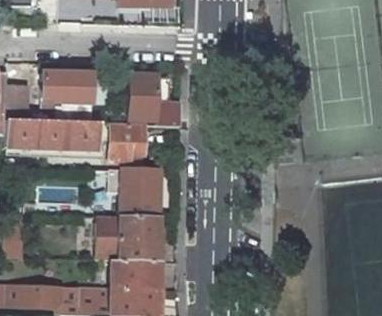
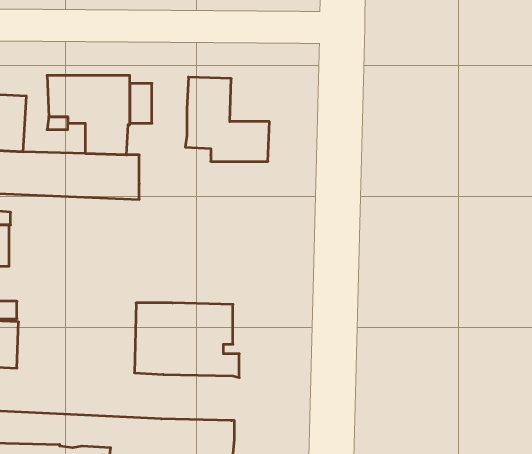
building: [98,123,143,164] -> none
building: [89,169,158,217] -> none
building: [112,261,157,290] -> none

